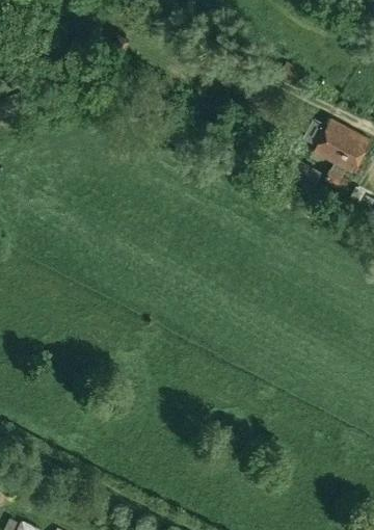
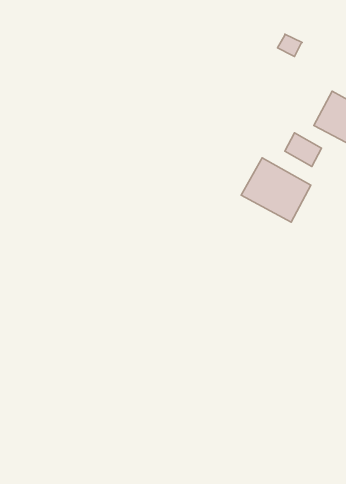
building: none -> [241,158,311,222]

